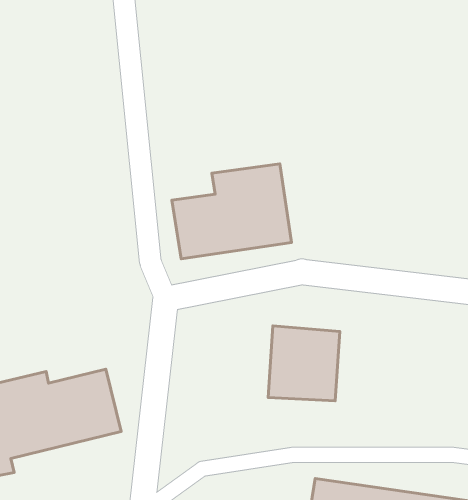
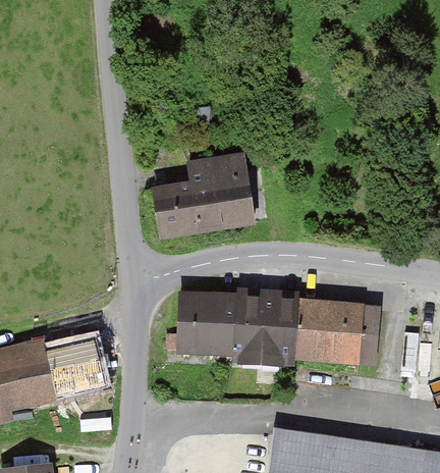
building: none -> [178,293,238,358]
building: none -> [292,301,387,367]

